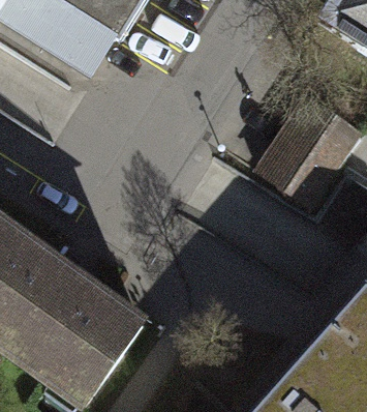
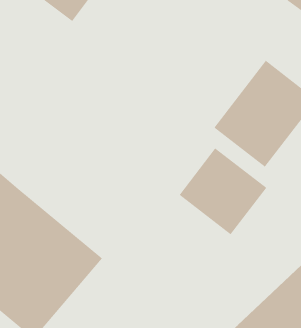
building: none -> [179,148,267,235]

